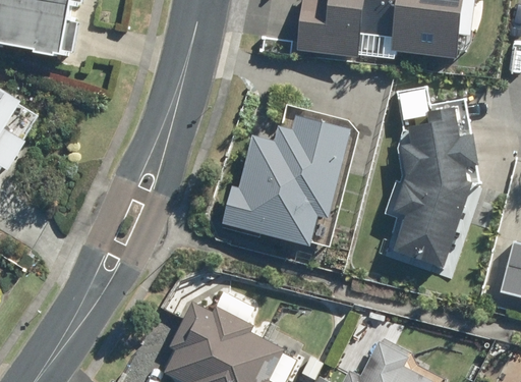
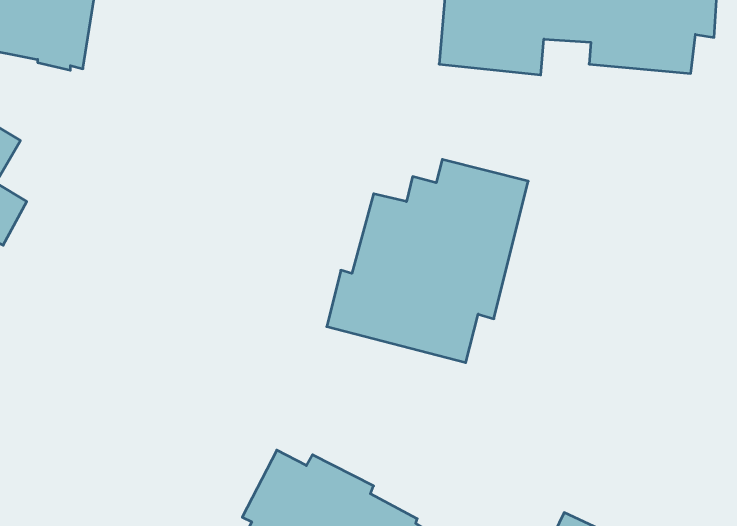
building: [394,106,474,266] -> none

